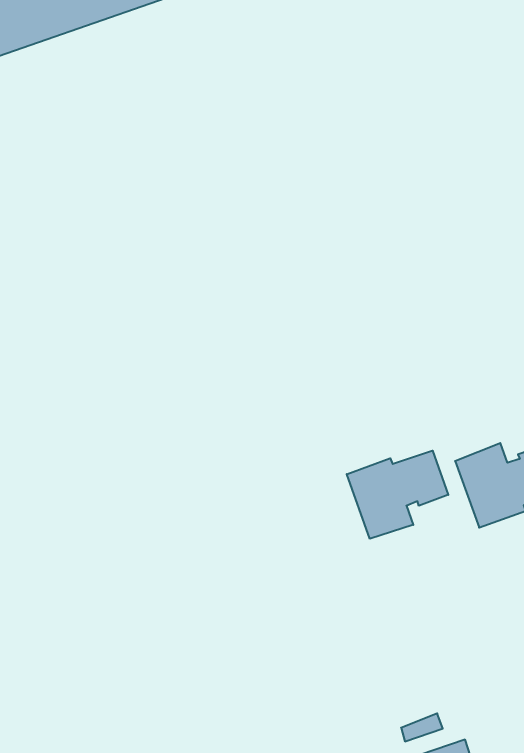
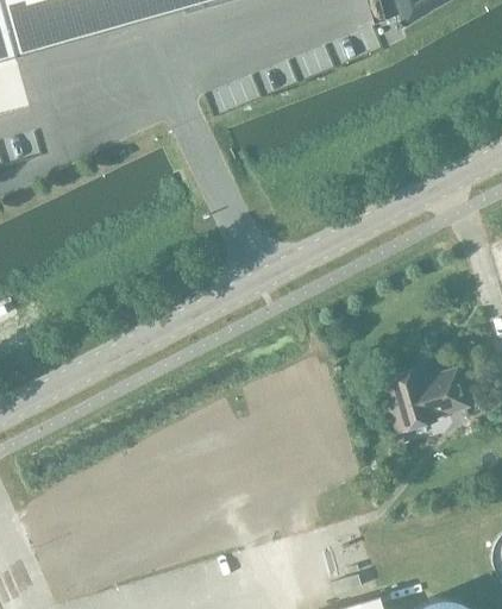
building: [347,451,448,539] -> none

